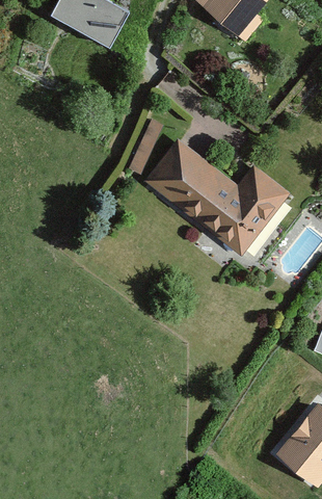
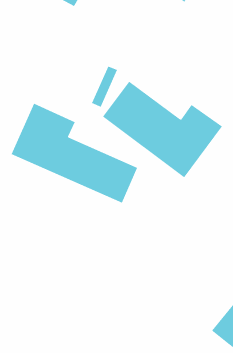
building: none -> [11,103,138,203]

